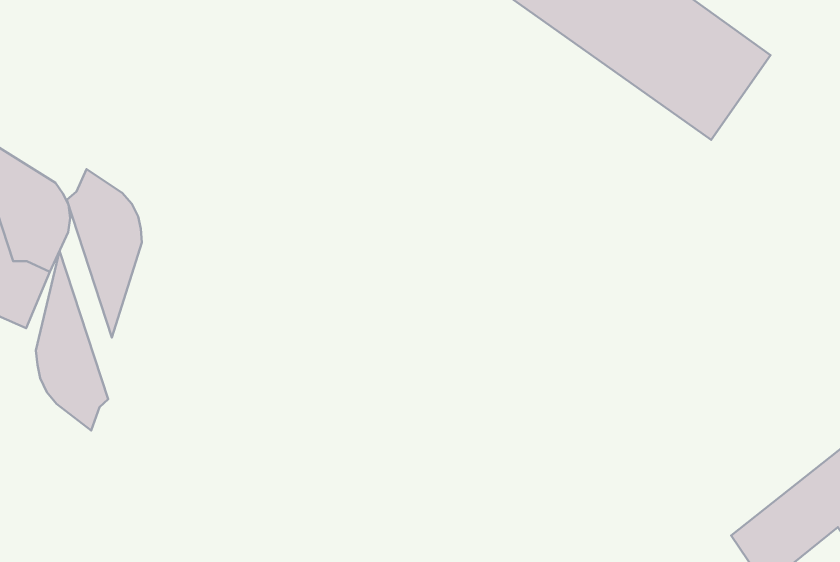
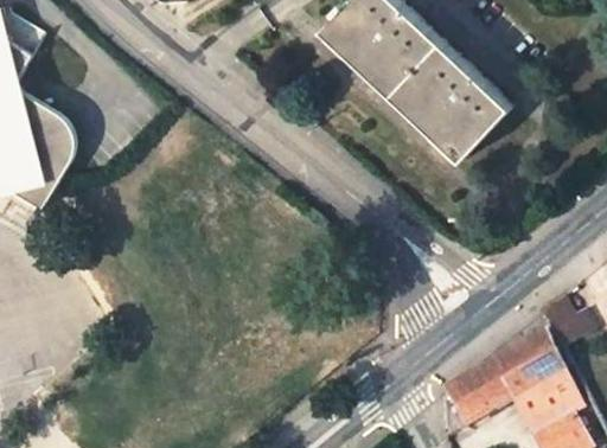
building: [67,169,142,338] -> none
building: [36,251,108,431] -> none

